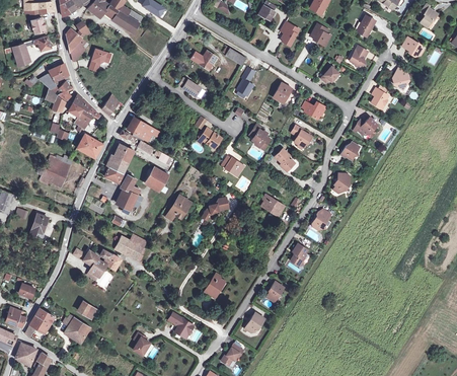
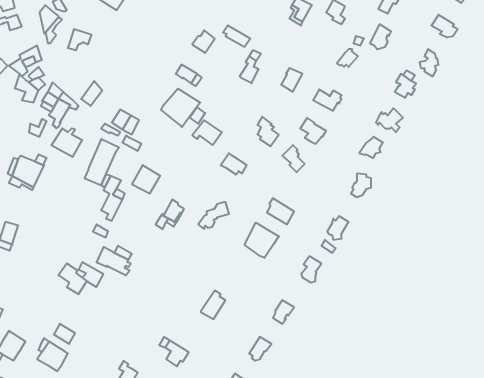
building: none -> [161,89,200,127]
building: none -> [245,223,279,258]

